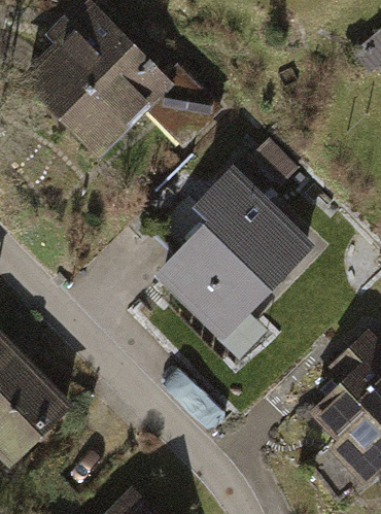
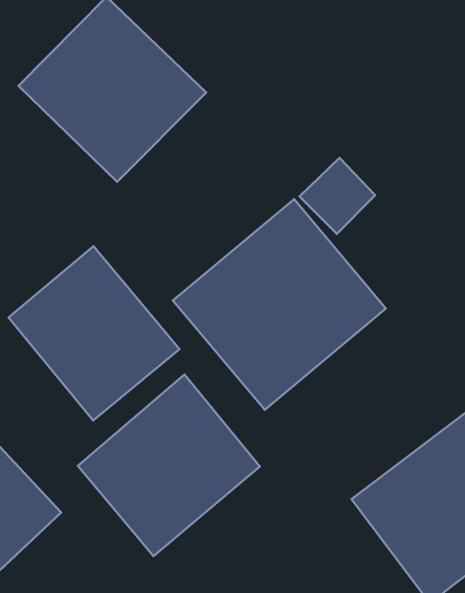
building: none -> [8,246,180,420]
building: none -> [78,375,260,556]

